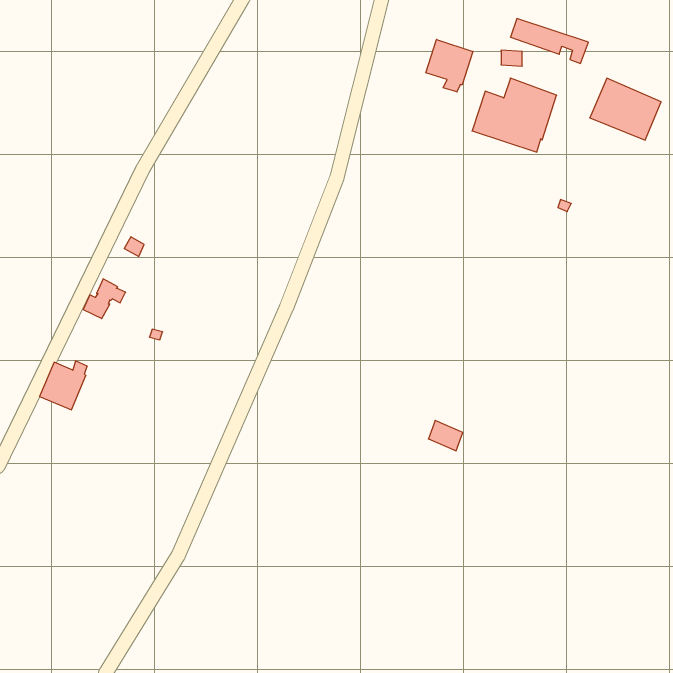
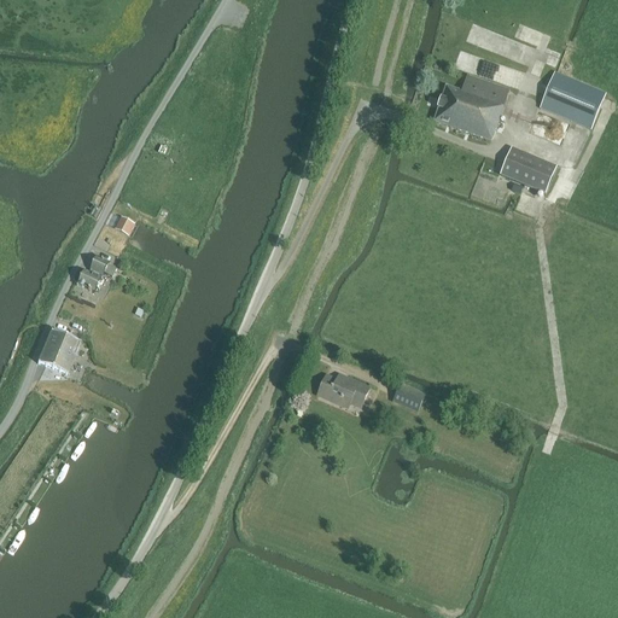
building: [426,39,473,92] -> none
building: none -> [499,147,555,192]
building: none -> [316,374,368,407]

